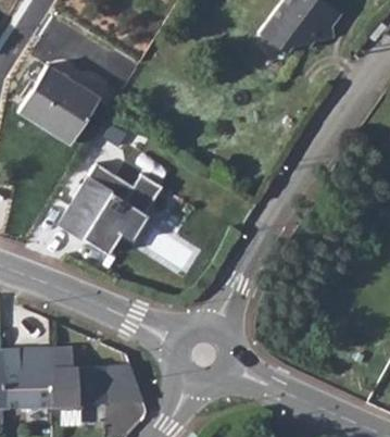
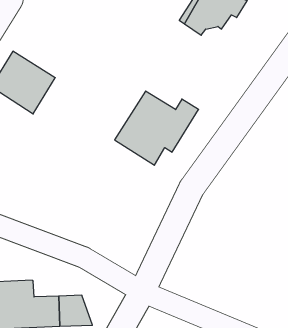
building: [58,164,161,255] -> [115,91,199,165]

